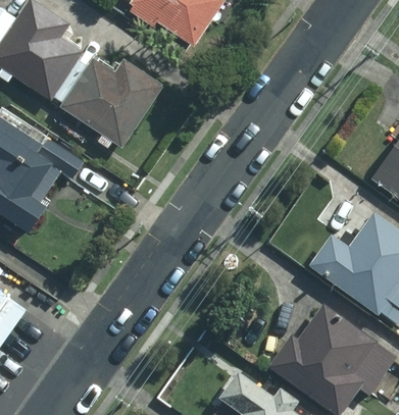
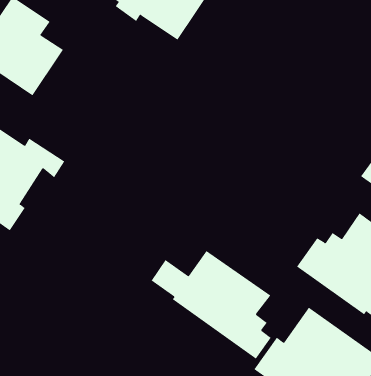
building: [52,59,160,146] -> none
building: none -> [151,250,271,359]

